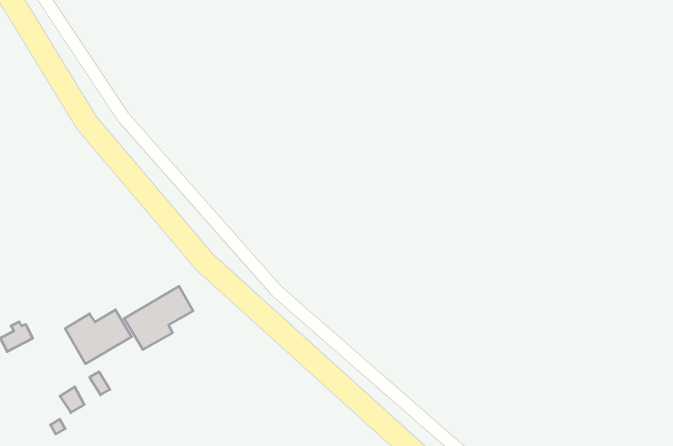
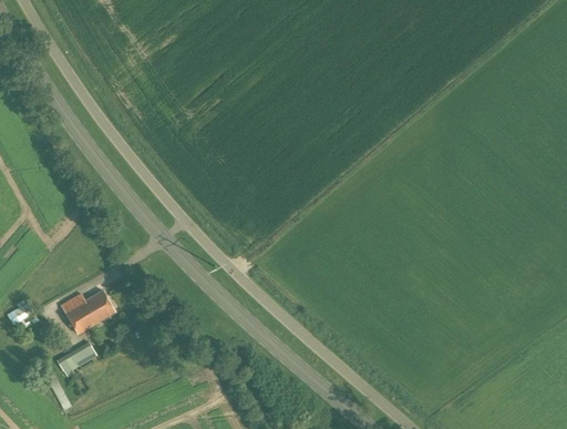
building: [124,286,193,350] -> none

